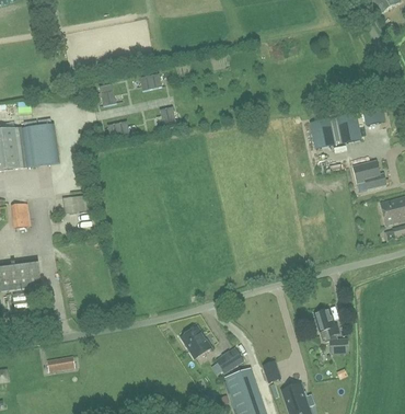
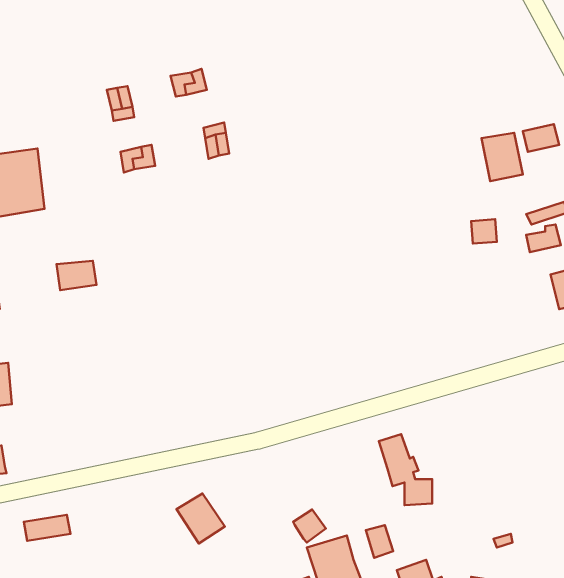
building: [309,118,334,149] -> none
building: [313,309,347,354] -> [379,434,432,505]
building: [180,326,210,358] -> [177,494,225,544]

